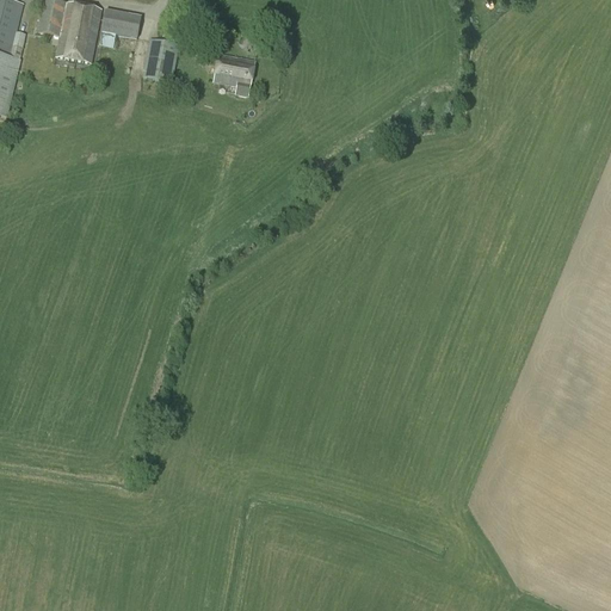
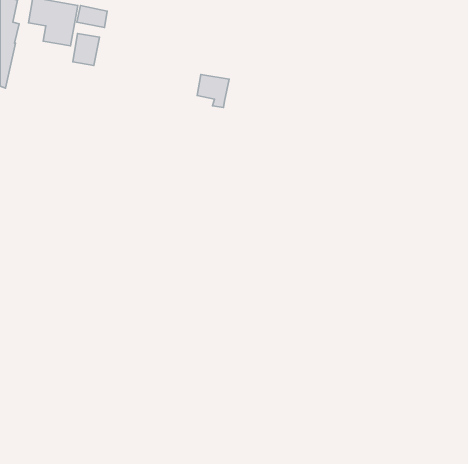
building: [143,37,178,79] -> [73,33,99,66]
building: [214,51,255,94] -> [197,75,229,108]

